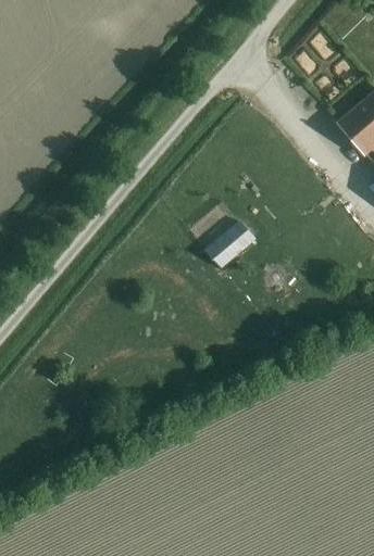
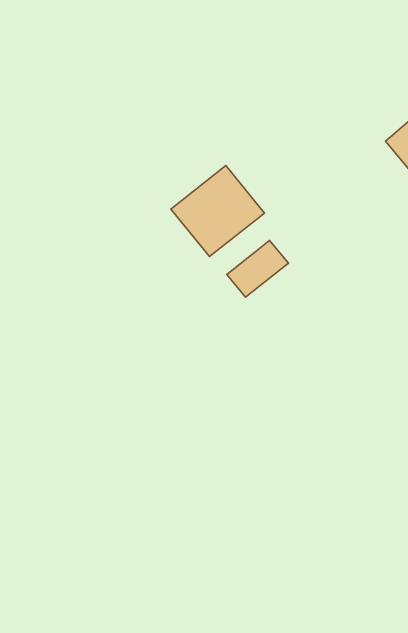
building: none -> [171,166,265,257]

